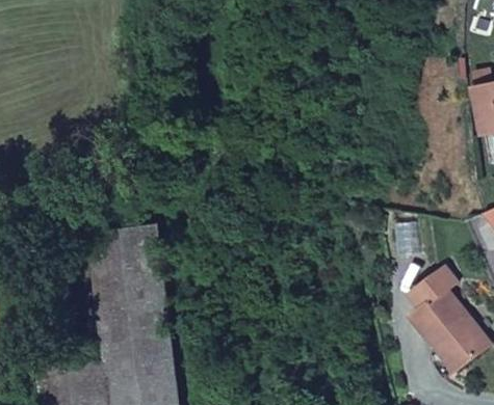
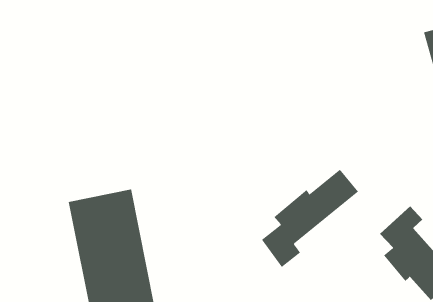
building: none -> [261,169,359,268]

